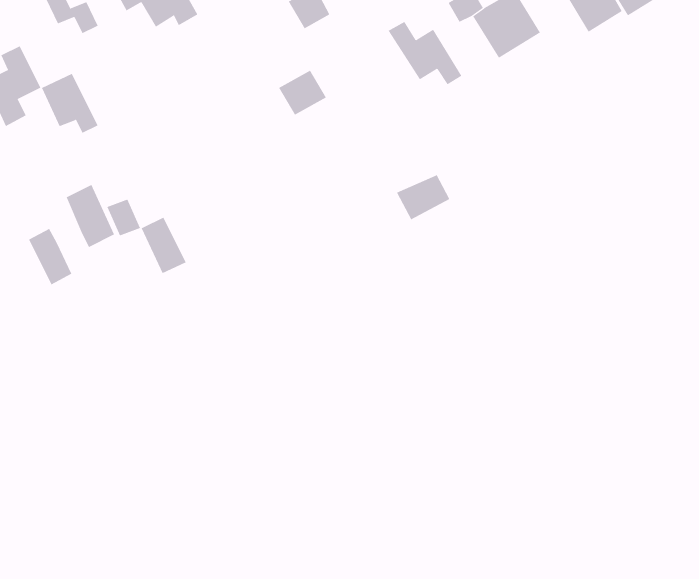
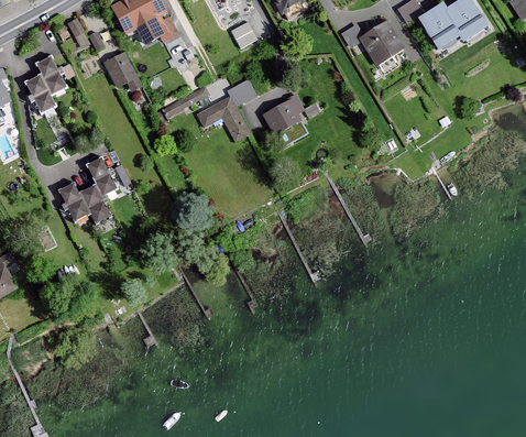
building: [388,21,462,85] -> none
building: [41,73,98,134] -> [103,52,142,92]
building: none -> [197,97,251,142]
building: [396,175,450,220] -> [263,101,299,132]
building: [141,217,187,274] -> [78,184,109,222]

